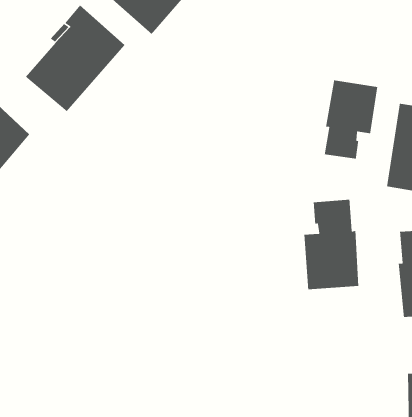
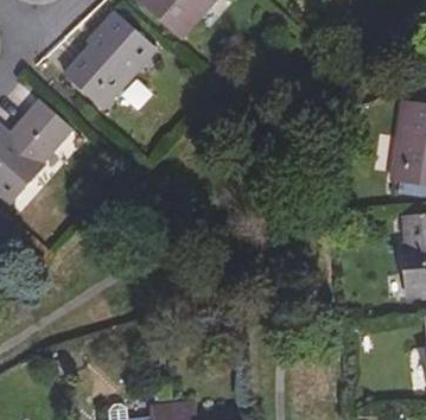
building: [324,79,378,160] -> none
building: [303,199,359,290] -> none

